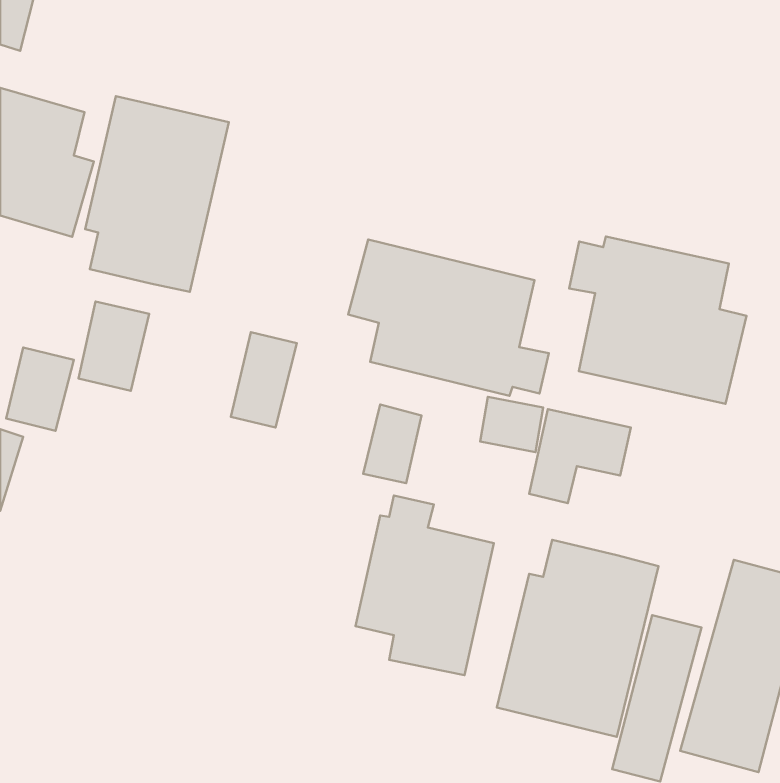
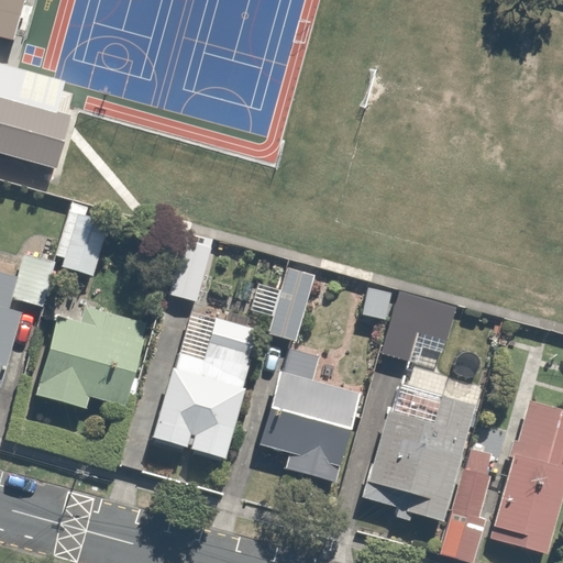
building: [85,96,229,292] -> none
building: [569,236,746,404] -> none
building: [348,240,549,396] -> none
building: none -> [32,305,148,415]
building: none -> [153,314,261,459]

